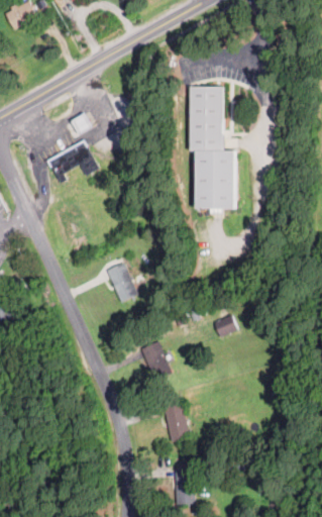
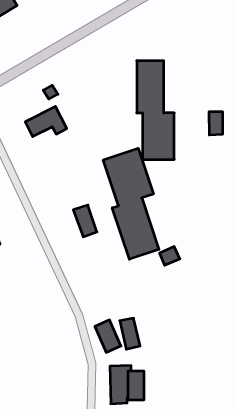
building: none -> [209,112,222,135]
building: none -> [103,148,159,259]
building: [137,339,170,380] -> [95,320,121,352]

